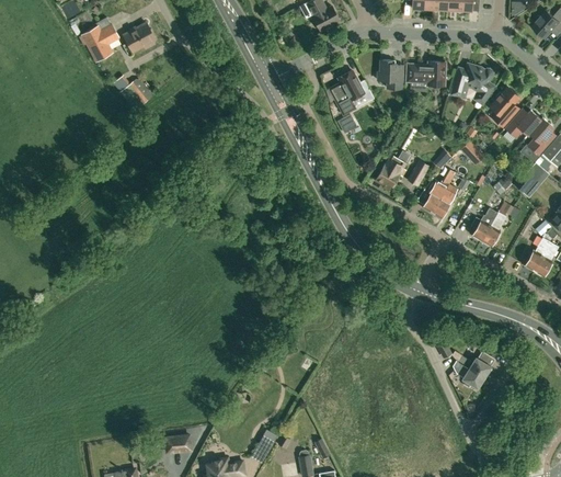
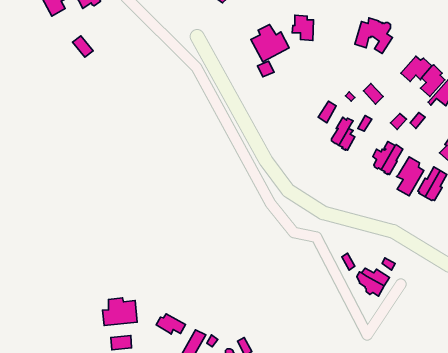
building: [405,61,445,88] -> none
building: [490,87,518,126] -> none
building: [376,154,408,190] -> none
building: none -> [397,157,424,196]
building: none -> [102,298,137,325]
building: none -> [156,314,185,334]

